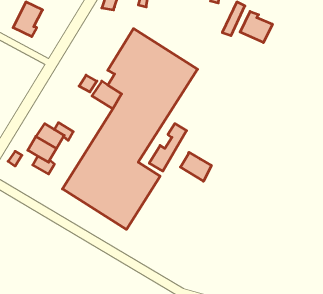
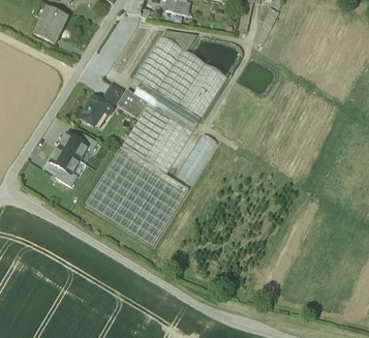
building: [240,11,272,43] -> none
building: none -> [78,95,112,124]
building: [180,152,211,181] -> none

